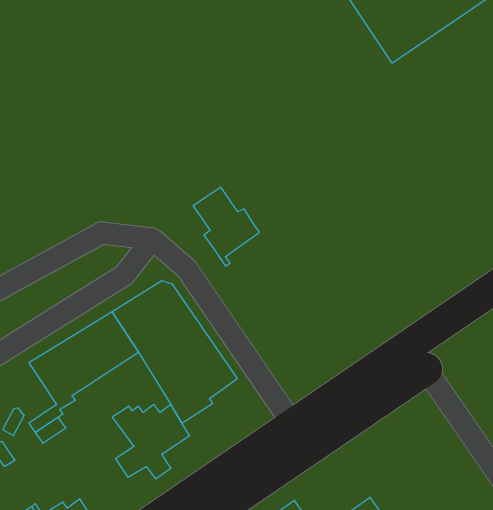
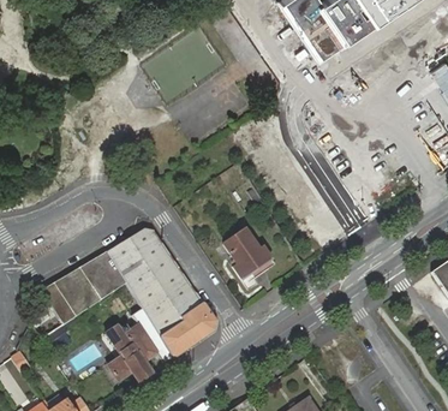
building: [193,187,259,266] -> [223,228,275,290]
building: none -> [160,303,215,358]

